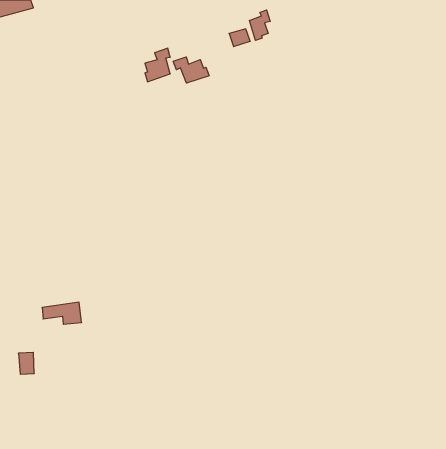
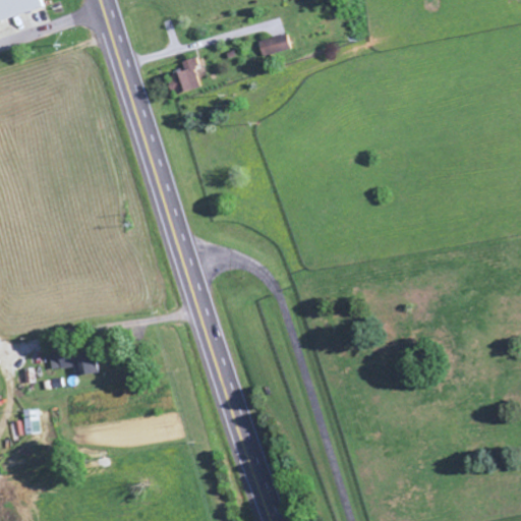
building: [249,10,270,40] -> none
building: [173,57,209,83] -> none

